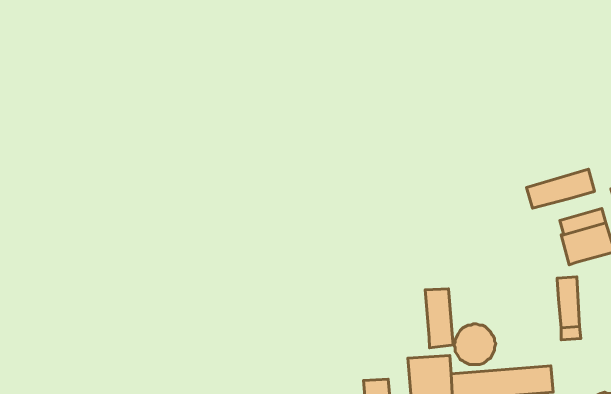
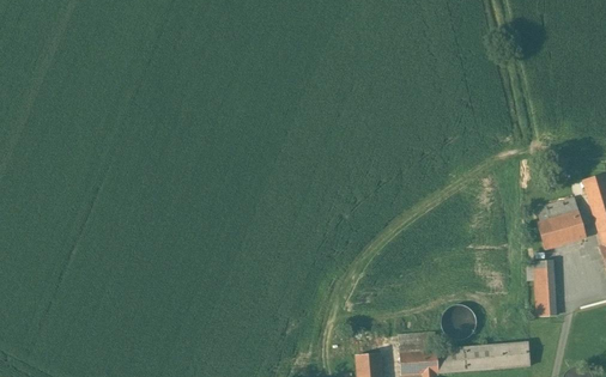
building: [527,169,595,208] -> none
building: [425,289,454,348] -> none

